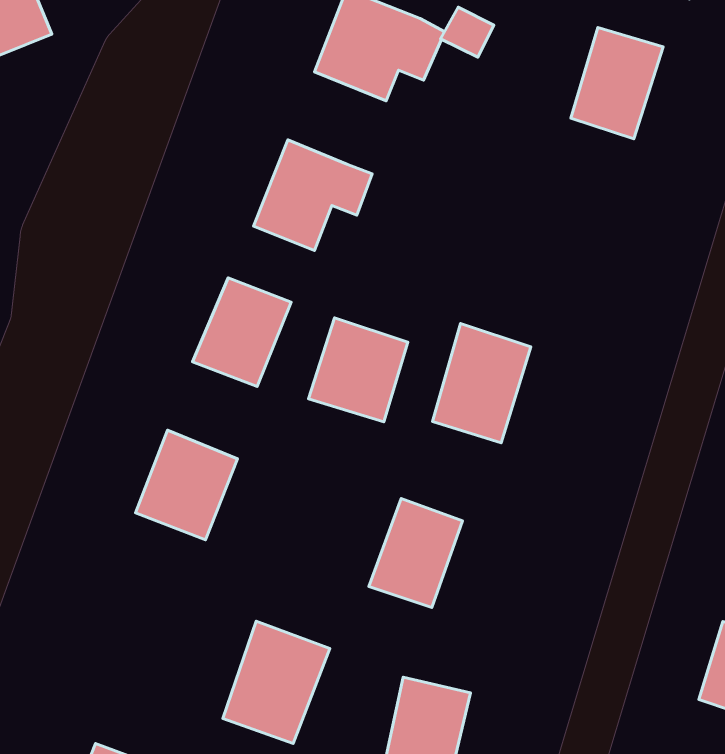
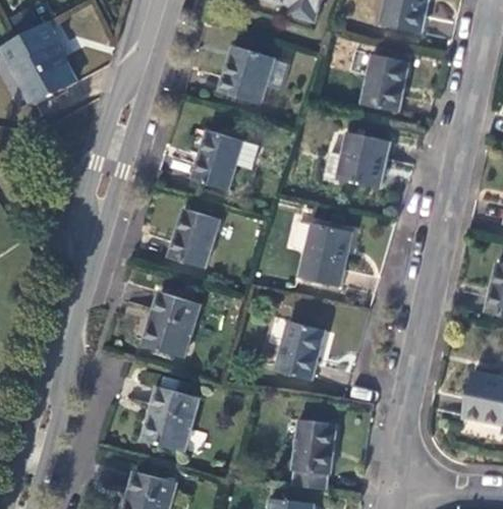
building: none -> [324,132,389,188]
building: [308,318,408,422] -> none
building: [223,621,330,744] -> [143,386,198,451]

